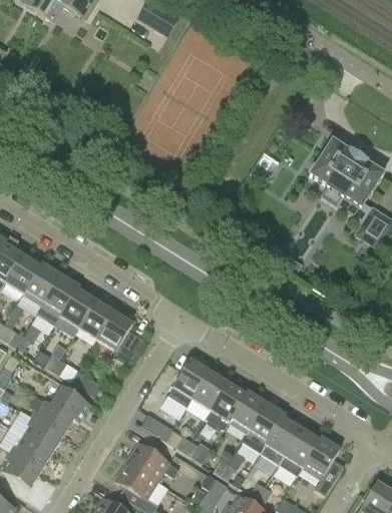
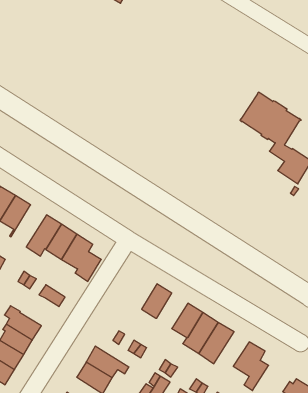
building: [36,275,78,325] -> none
building: [167,357,210,406] -> none
building: [204,380,247,429] -> none
building: [46,387,89,423] -> none
building: [278,426,320,475] -> none

